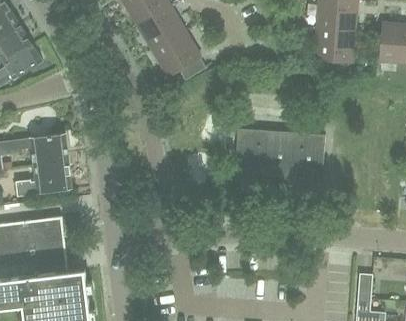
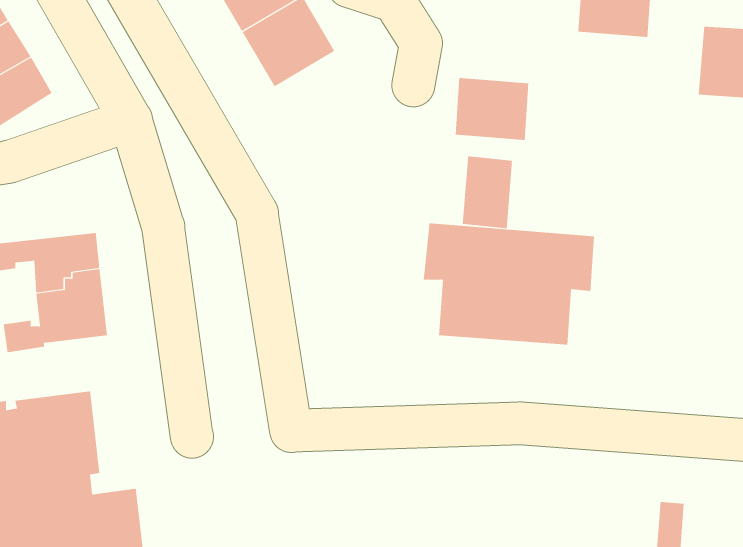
building: [314,28,353,61] -> [455,78,529,141]
building: [157,38,206,79] -> none
building: none -> [462,155,513,229]

